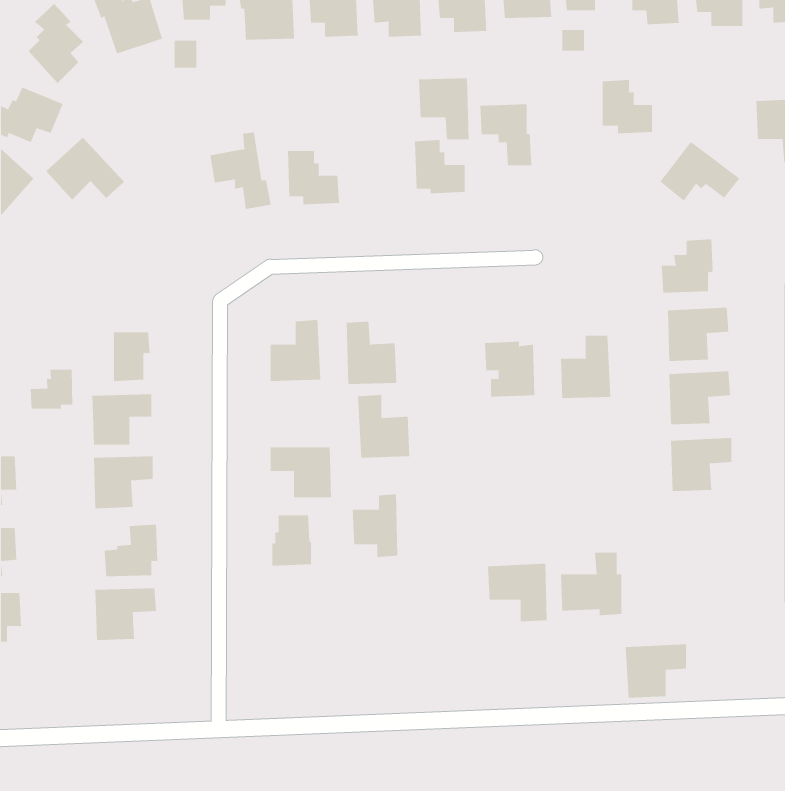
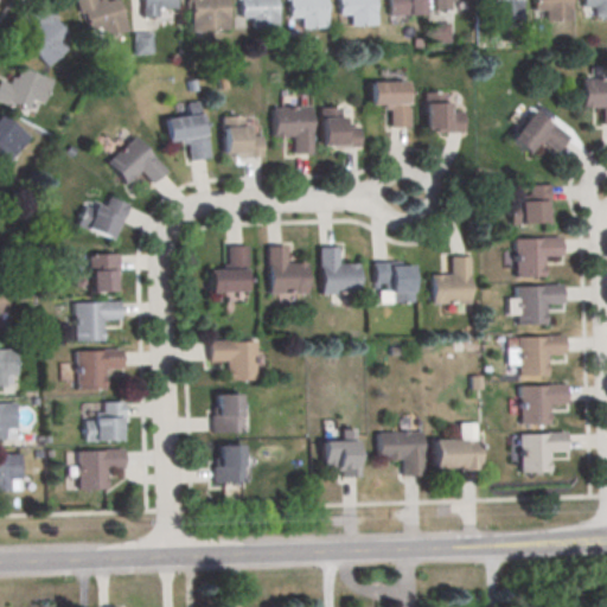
building: [418,78,470,140] -> [275,106,314,153]
building: [602,80,653,134] -> [427,91,466,133]
building: [46,137,125,200] -> [108,135,168,184]
building: none -> [81,194,130,237]
building: [30,369,73,410] -> none
building: [357,395,410,458] -> [321,245,362,294]
building: [352,494,398,557] -> [324,428,359,477]
building: none -> [519,384,567,424]
building: none -> [215,443,245,483]
building: [625,644,687,698] -> [519,432,567,473]

